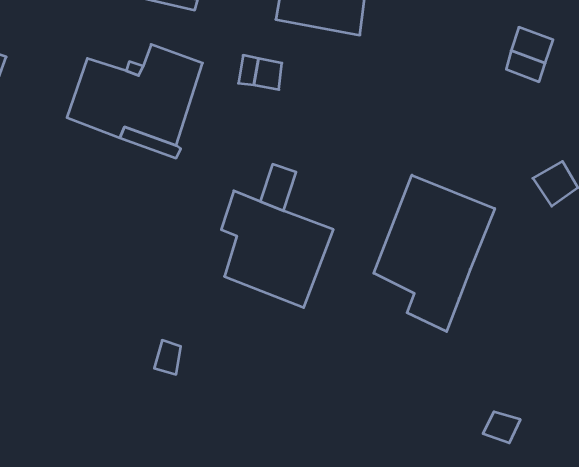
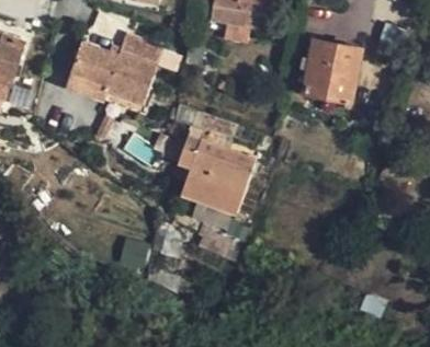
building: none -> [306,38,362,100]
building: [374,175,495,332] -> none

